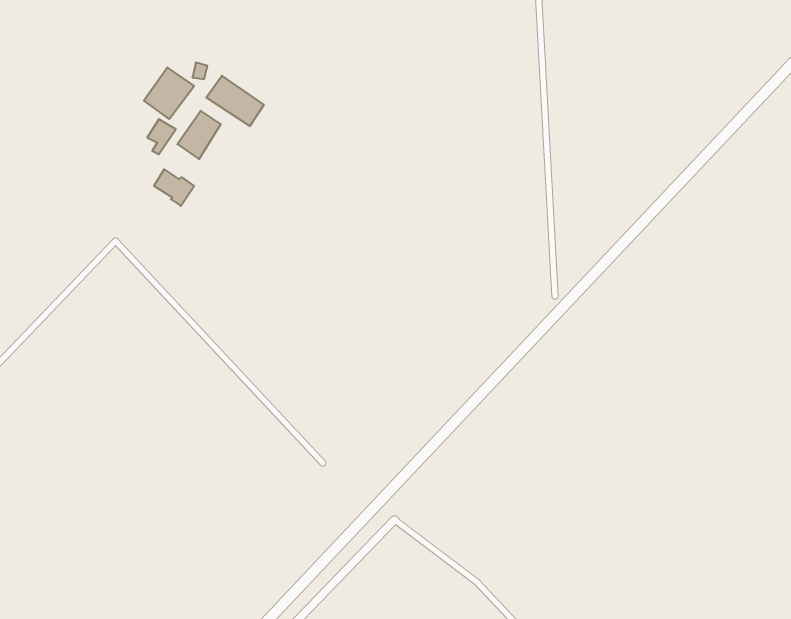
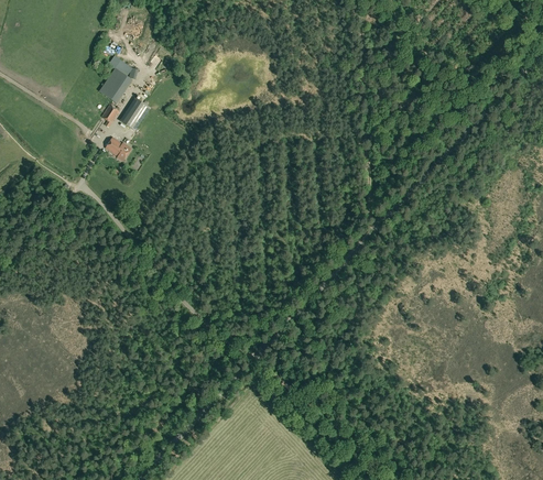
building: [206,76,264,126] -> none

